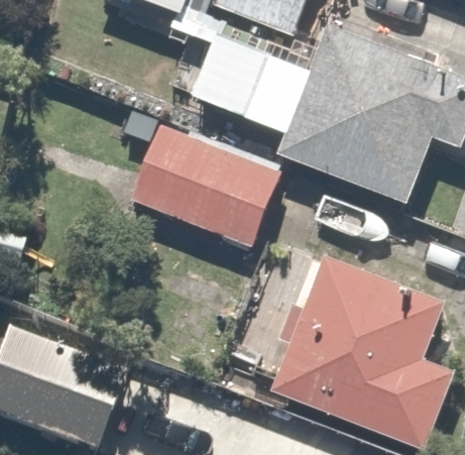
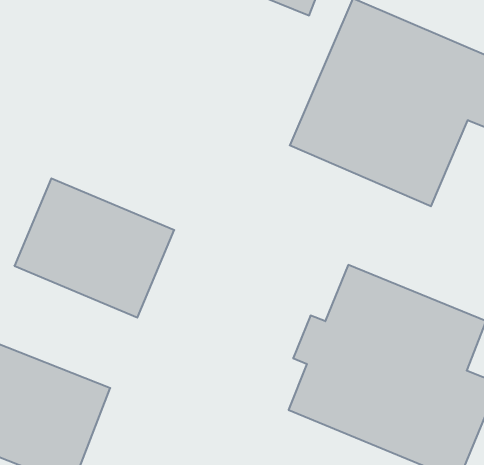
building: [191,35,270,119] -> none
building: [134,119,274,241] -> [14,178,174,318]

